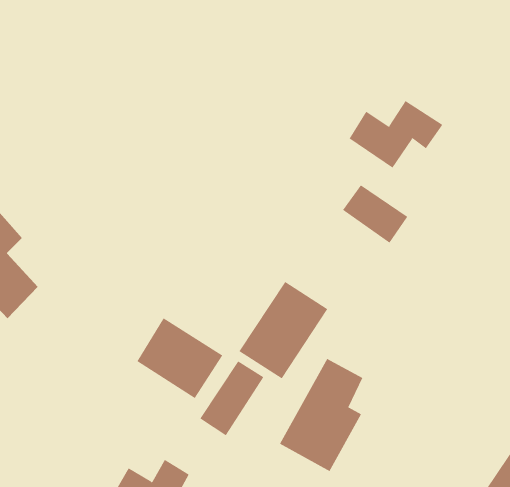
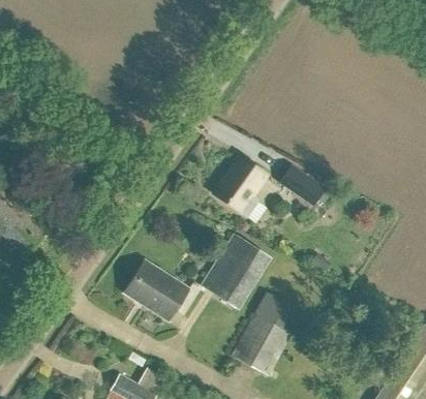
building: [349,100,443,169] -> none
building: none -> [214,156,265,216]
building: [200,361,264,436] -> none

